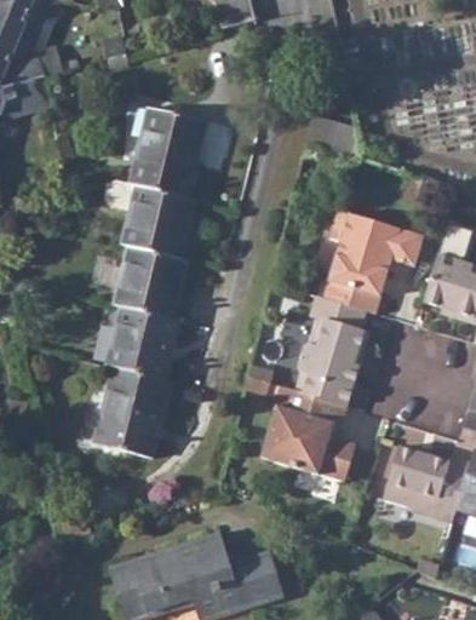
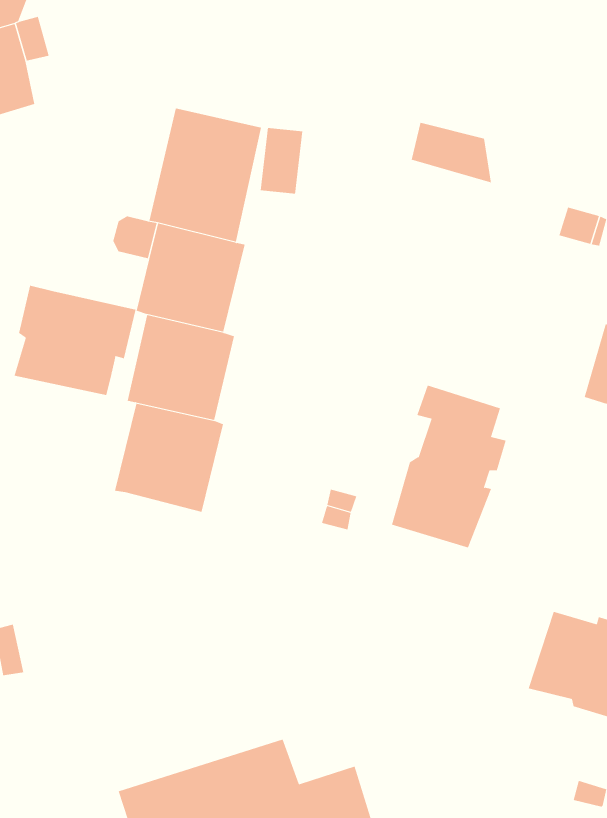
building: [320,211,419,310] -> none
building: none -> [14,285,136,396]
building: [94,366,172,458] -> none
building: [259,383,352,480] -> none

